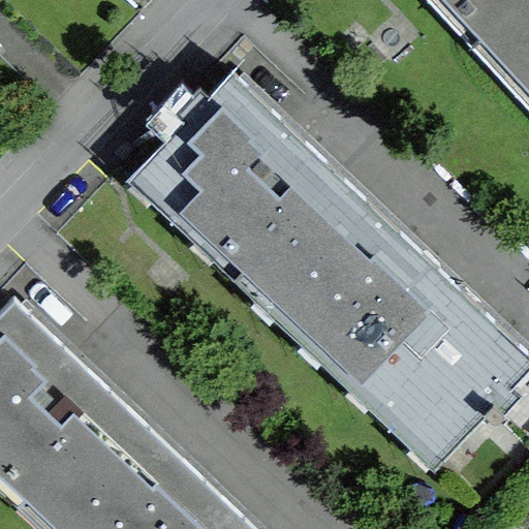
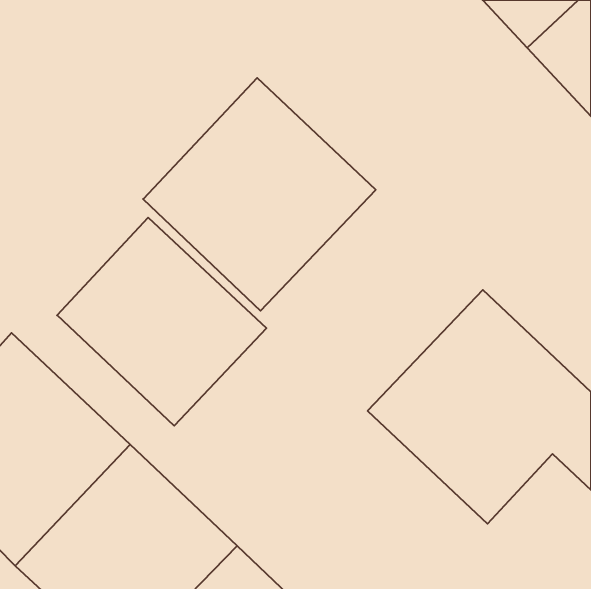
building: [231,174,429,370] -> none
building: none -> [57,218,266,426]

